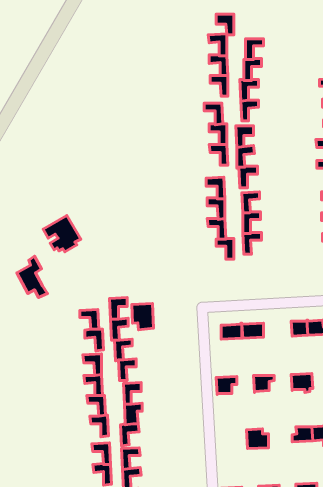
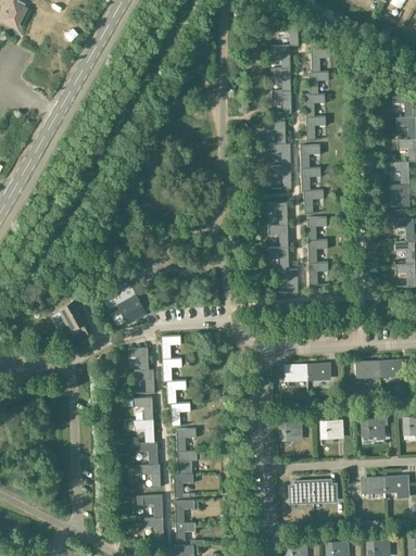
building: [43,215,81,252] -> [103,285,144,325]
building: [132,304,154,330] -> none
building: none -> [288,481,313,503]

